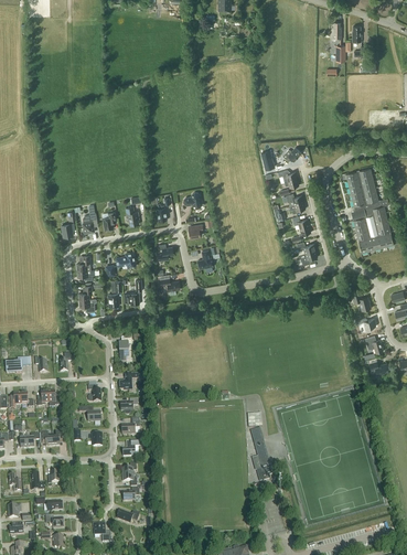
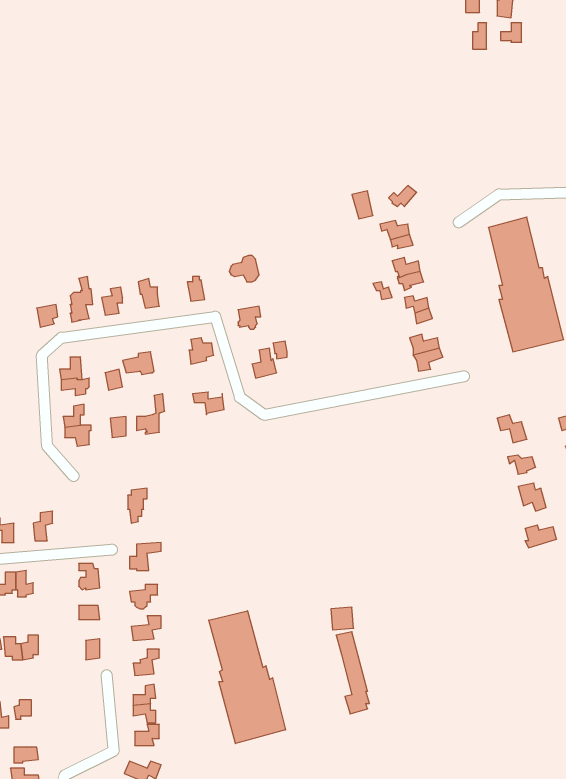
building: none -> [209,611,286,744]

